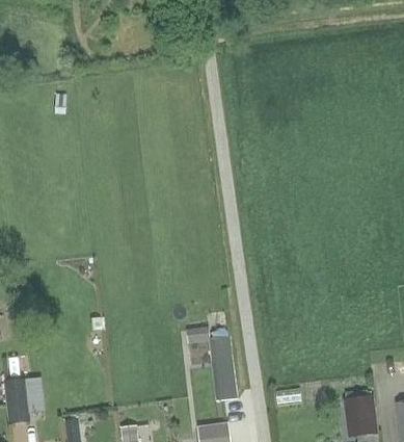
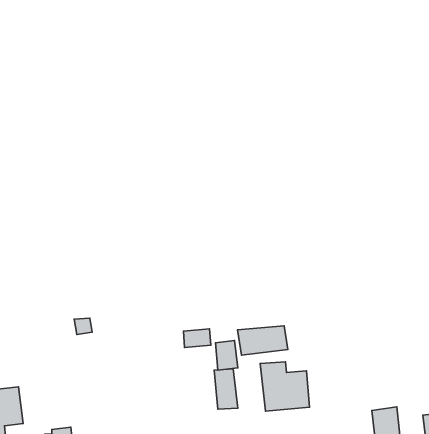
building: none -> [238,326,288,355]
building: none -> [260,362,309,411]

